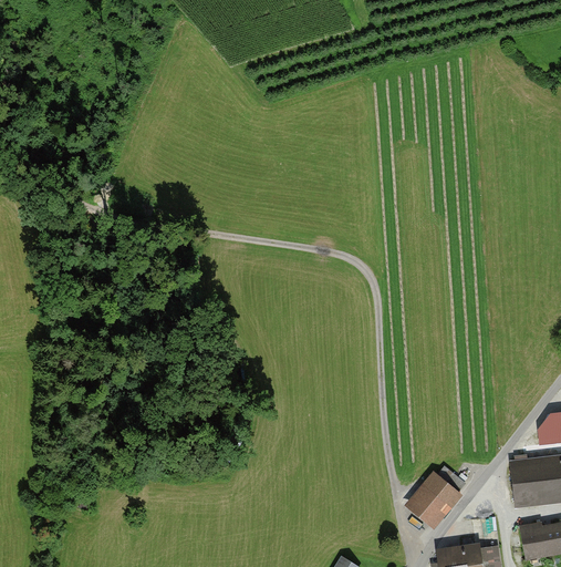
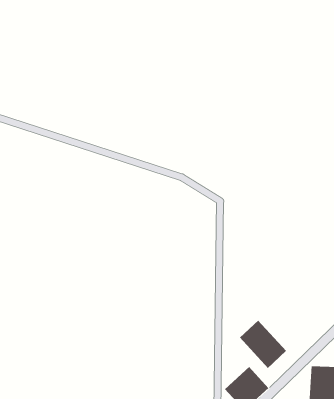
building: none -> [239,320,287,369]

